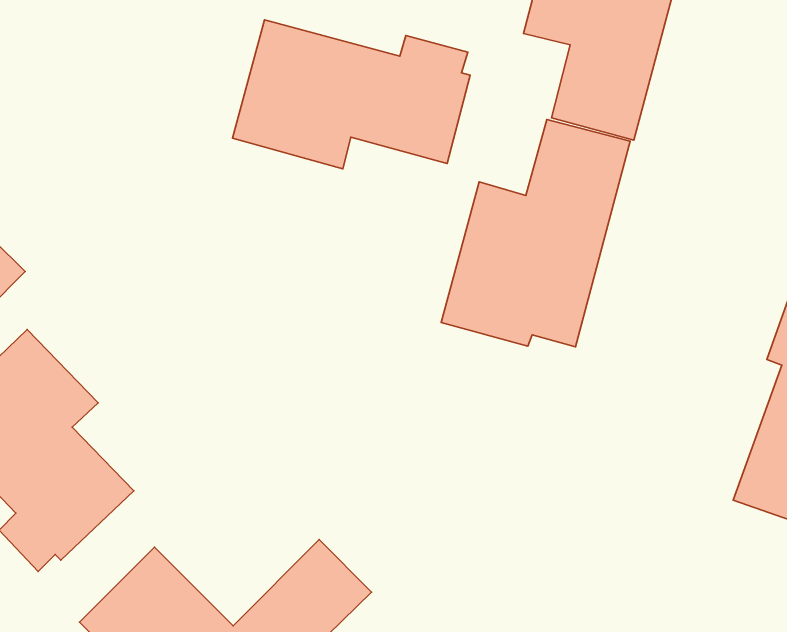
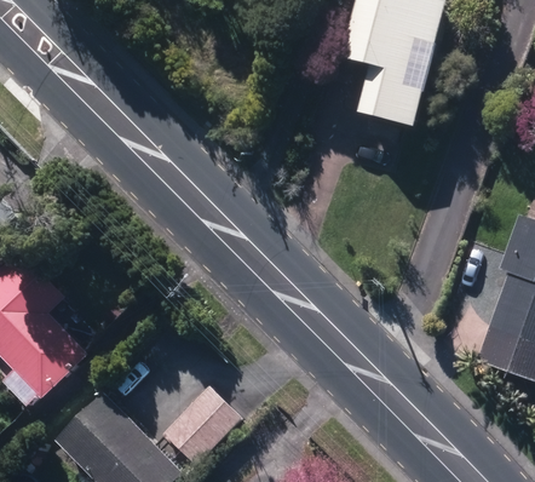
building: [232,20,470,169] -> none
building: [441,119,630,347] -> none

